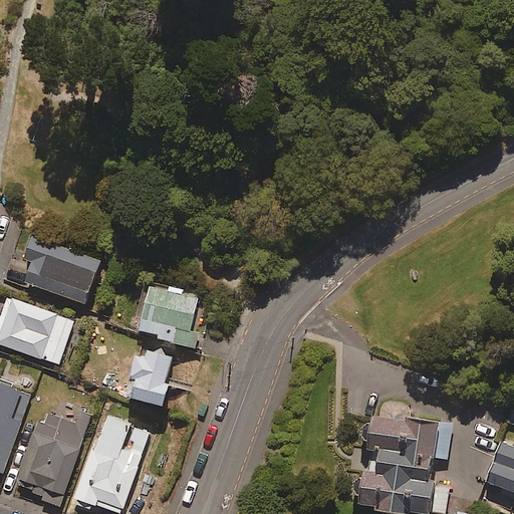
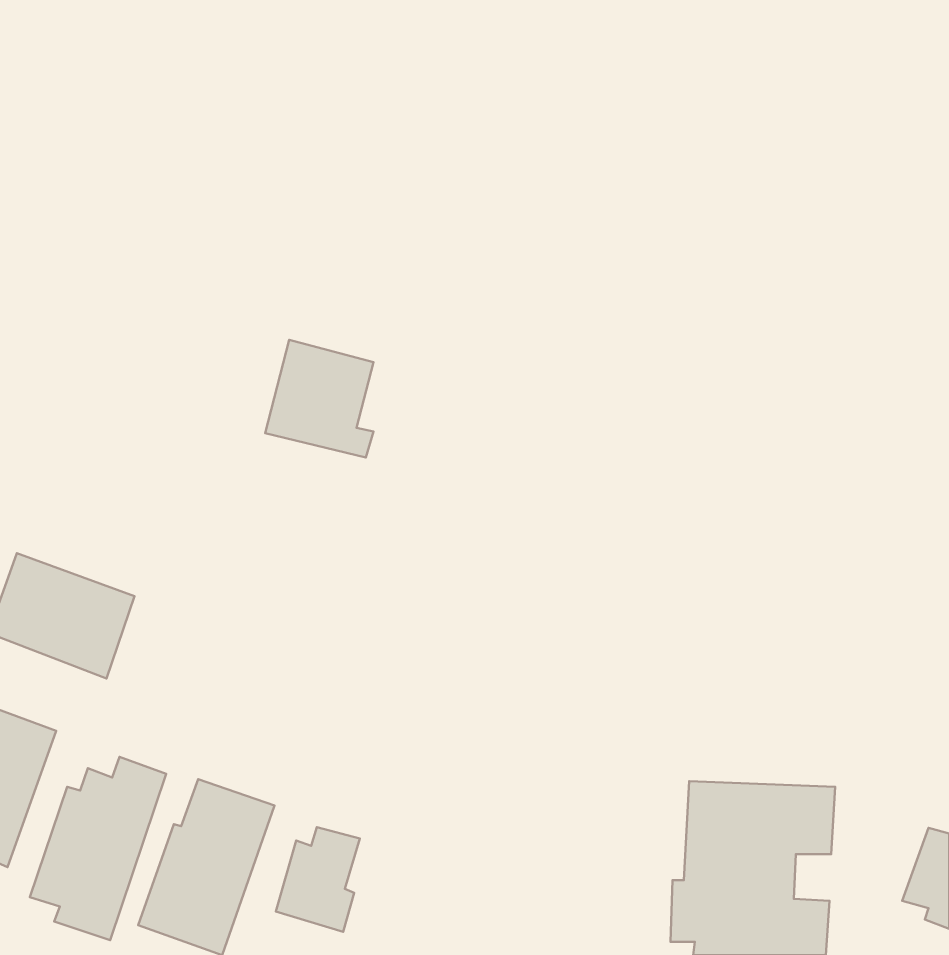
building: [25,236,100,302] -> none
building: [140,283,198,346] -> [265,340,373,458]
building: [127,348,173,405] -> [276,827,360,932]

